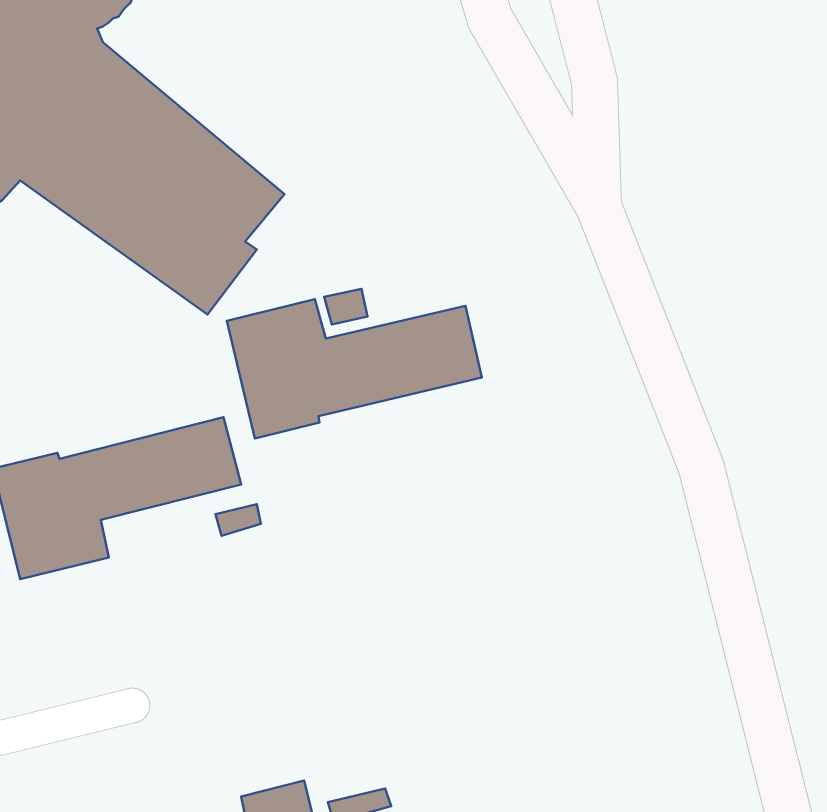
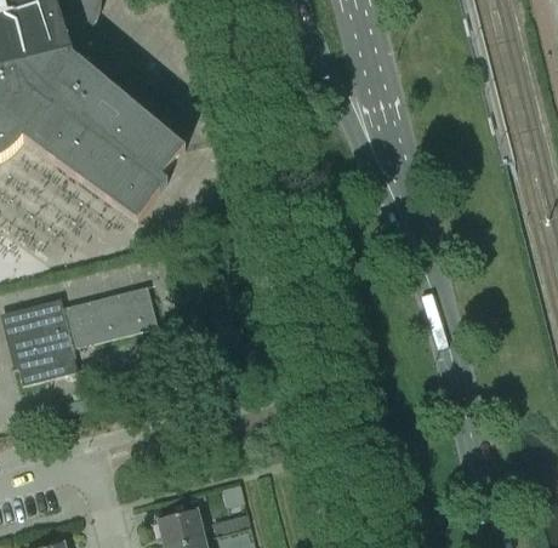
building: [227,299,482,439] -> none

